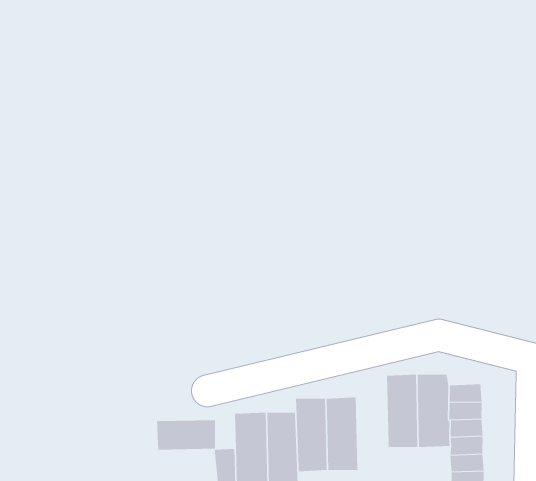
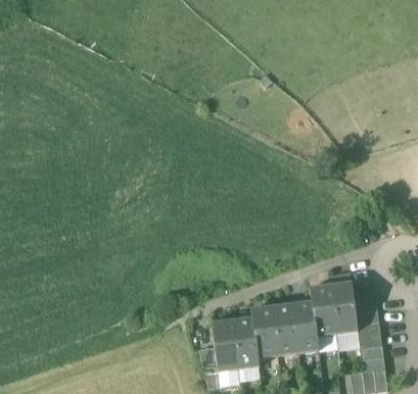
building: none -> [291,287,318,352]
building: [156,419,216,450] -> none

